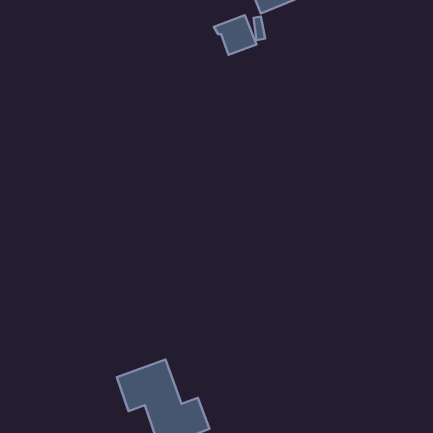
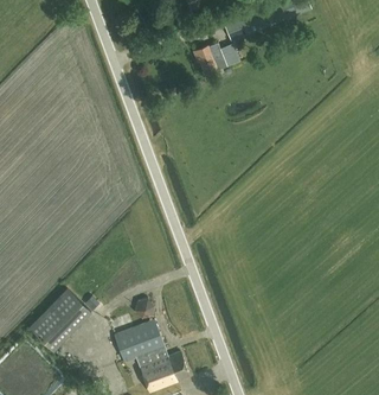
building: none -> [28,287,90,350]

